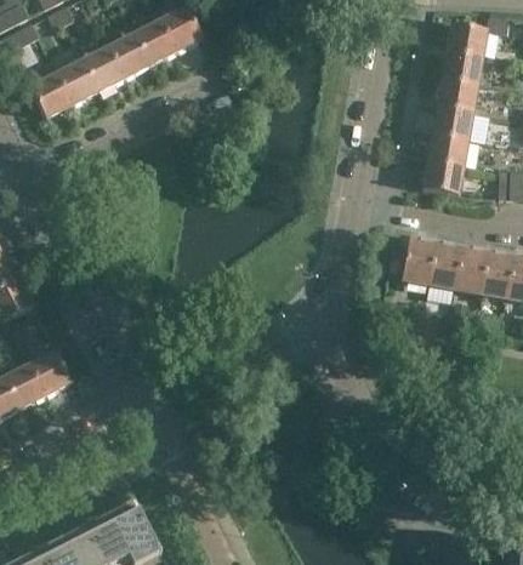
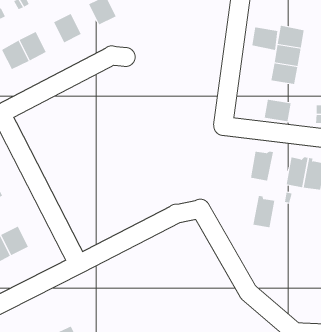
building: [133,19,175,64] -> none
building: [445,23,485,58] -> [251,27,278,50]
building: [81,46,123,91] -> none
building: [426,133,467,167] -> none
building: [427,240,461,289] -> [252,196,275,228]

